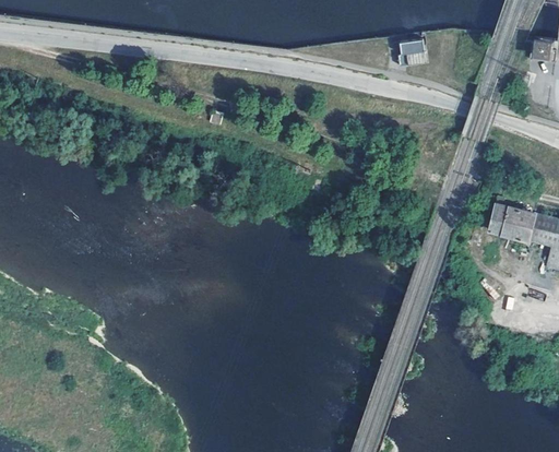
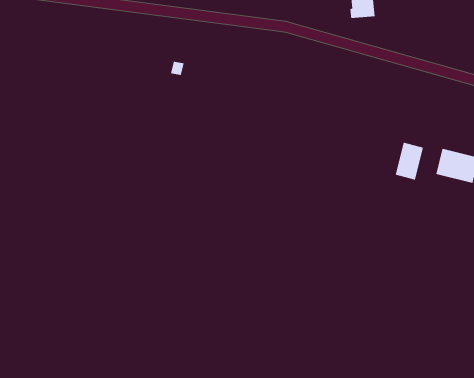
building: none -> [395,142,424,180]

